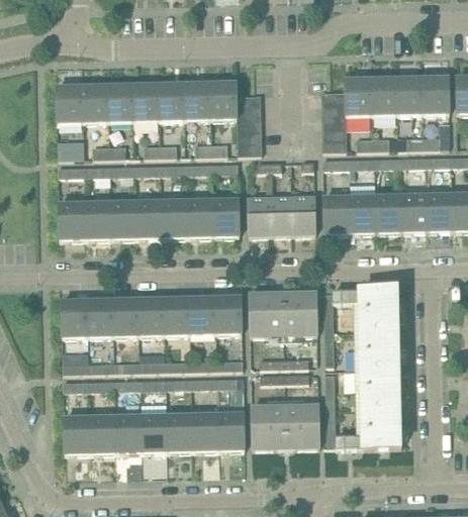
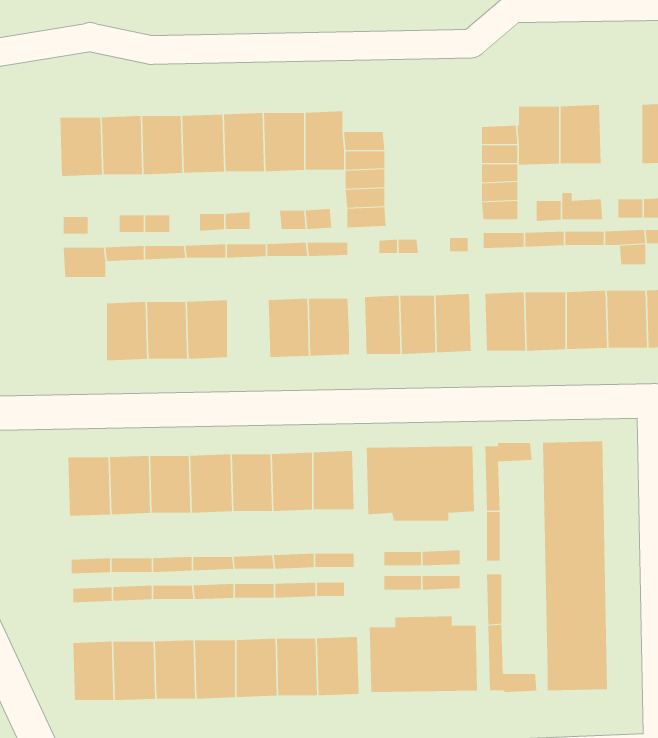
building: [396,78,423,115] -> none
building: [162,201,188,237] -> none
building: [59,203,85,239] -> none

